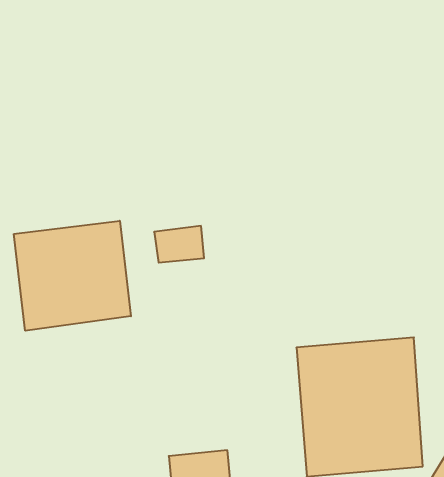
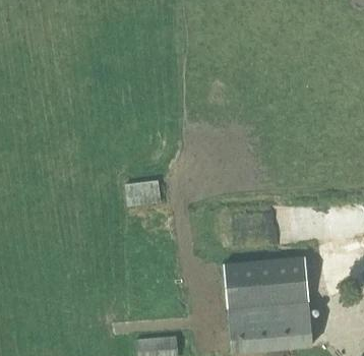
building: [14,221,131,331] -> none

